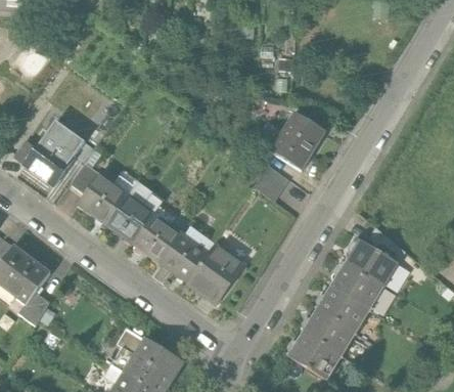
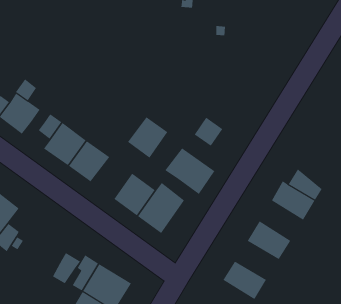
building: [270,115,325,171] -> none
building: [59,132,94,175] -> none
building: none -> [165,147,215,195]
building: [133,213,181,262] -> [127,117,168,158]
building: [330,264,382,311] -> none
building: [302,311,354,357] -> none
building: none -> [52,252,81,284]

